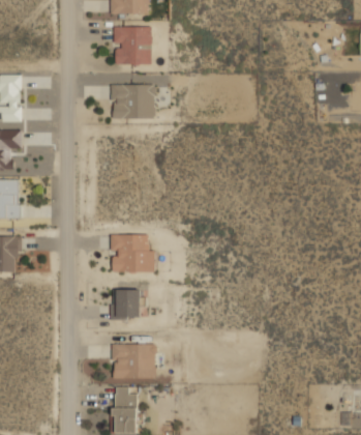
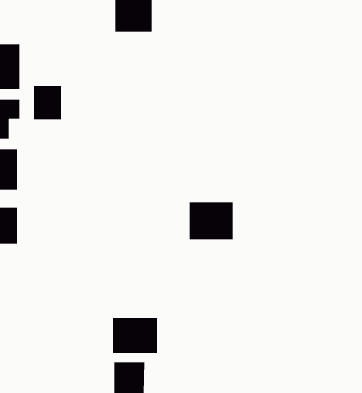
building: [111,84,154,119] -> none
building: none -> [34,85,61,120]
building: [110,235,153,272] -> [189,202,234,240]
building: [116,289,142,319] -> none

